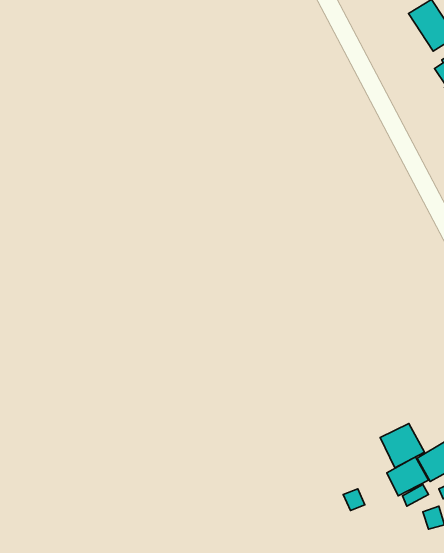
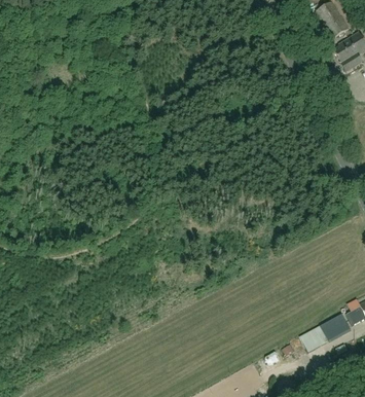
building: [380,423,424,468] -> none

